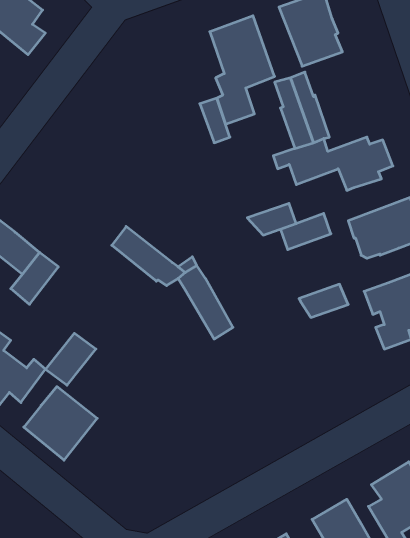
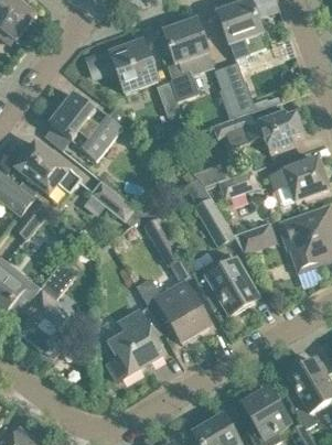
building: none -> [89,36,157,90]
building: none -> [49,91,128,159]
building: none -> [13,140,81,193]
building: none -> [195,196,233,243]
building: none -> [191,250,257,313]
building: none -> [154,279,210,340]
building: none -> [108,305,163,379]

